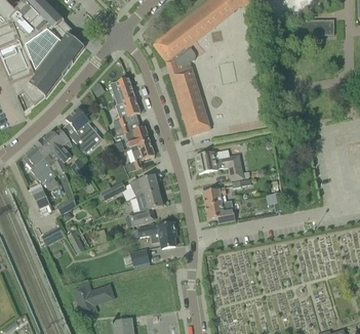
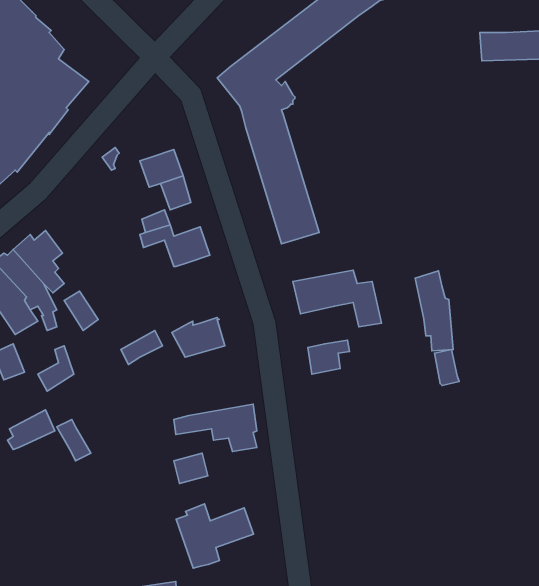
building: [66,107,99,153] -> none
building: [126,140,155,171] -> none
building: none -> [415,271,453,351]
building: [125,190,162,226] -> none
building: [205,200,235,222] -> none
building: [73,281,115,316] -> [176,504,254,568]

